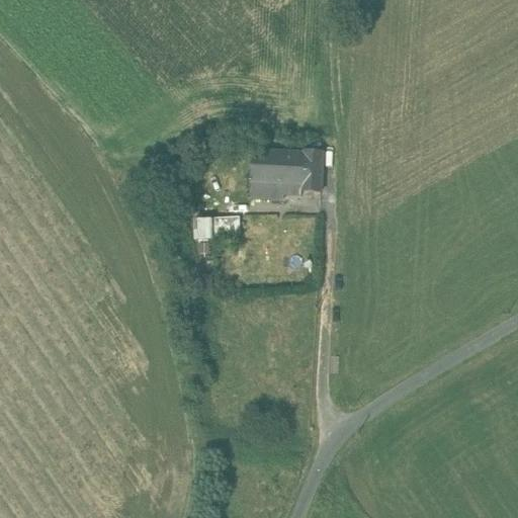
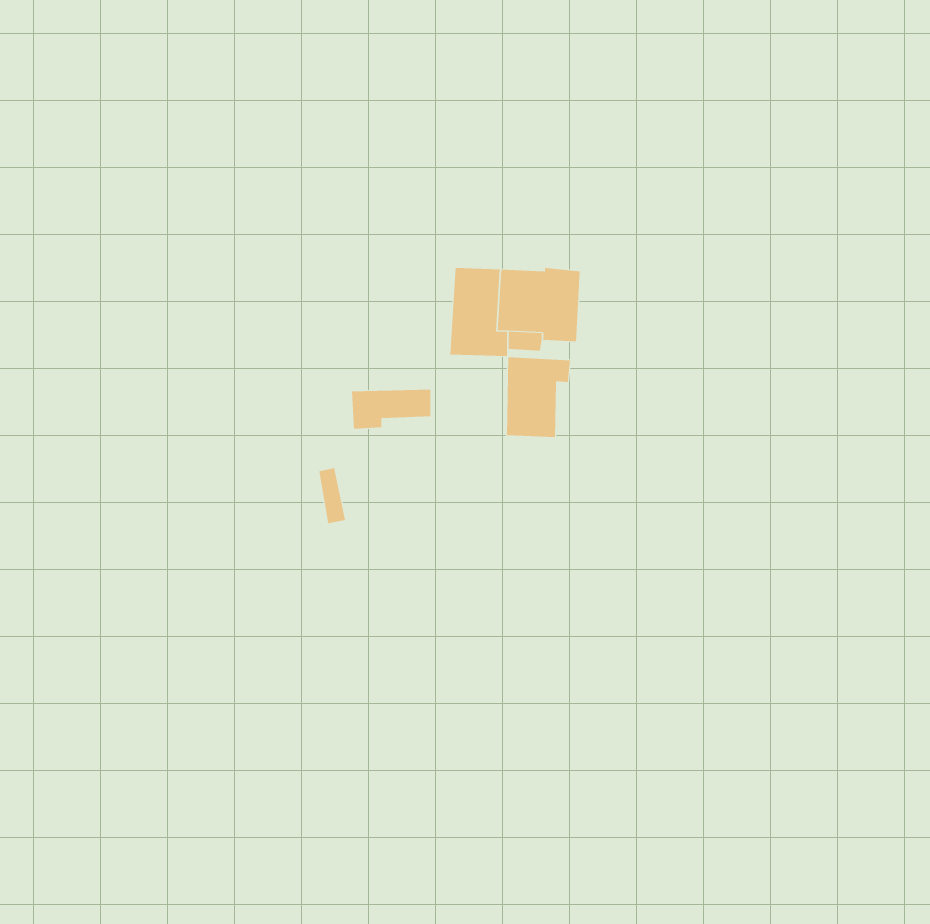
building: none -> [507,357,570,438]

